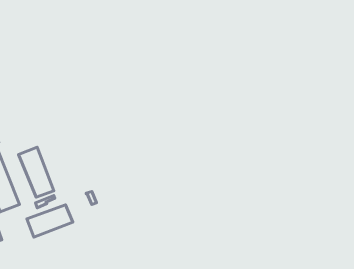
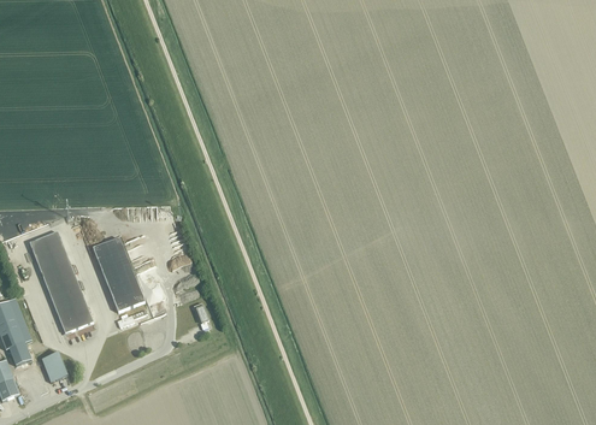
building: [27,205,73,237] -> none

